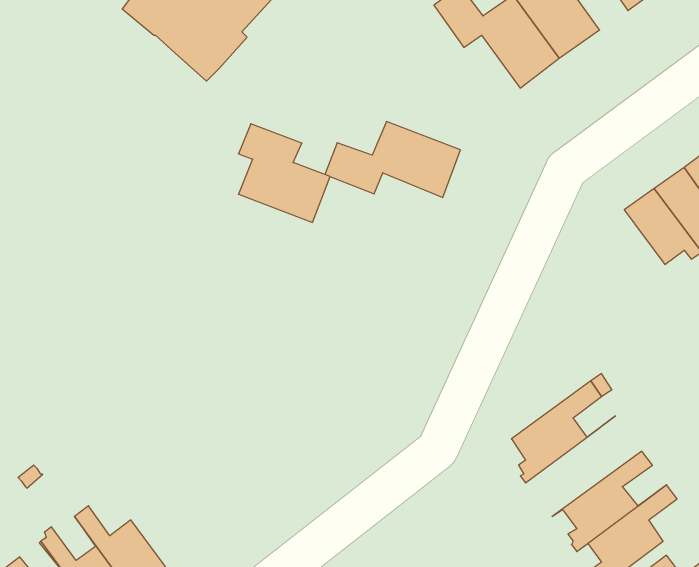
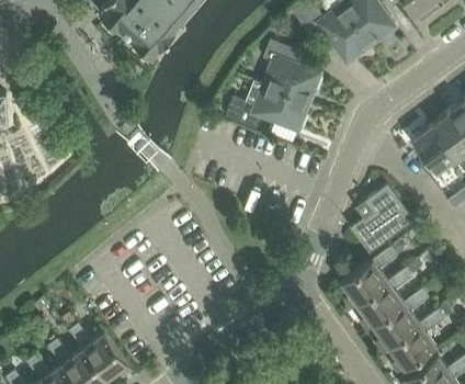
building: [238,124,330,222] -> [263,41,320,102]
building: none -> [351,185,413,252]
building: none -> [350,268,422,330]

